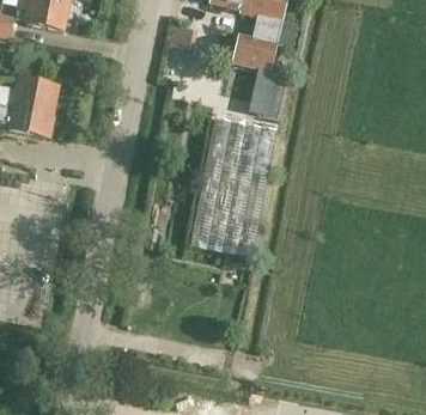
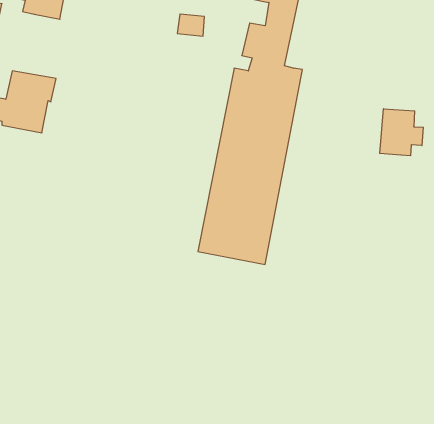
building: none -> [380,109,423,156]

